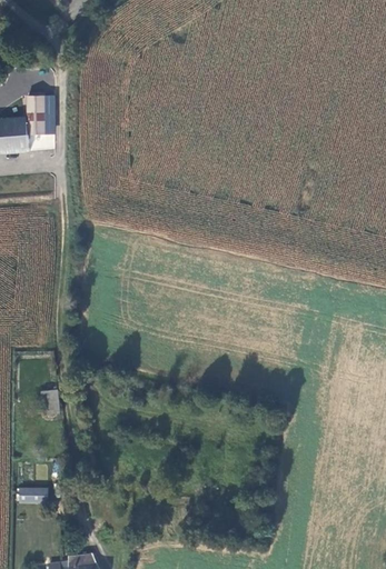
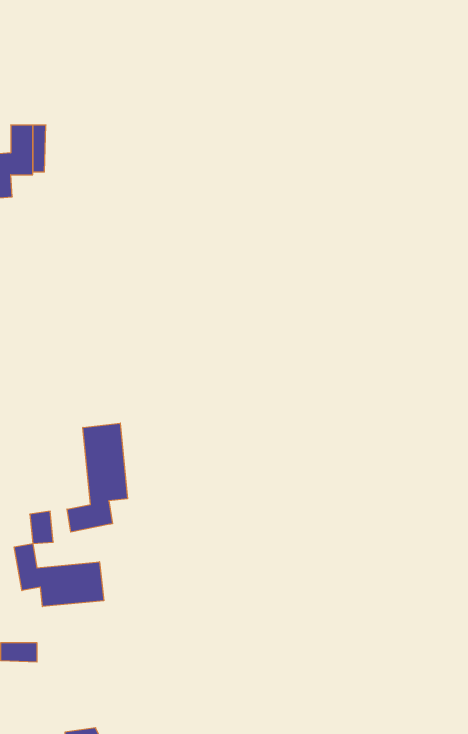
building: none -> [67,423,127,532]
building: none -> [14,543,104,607]

